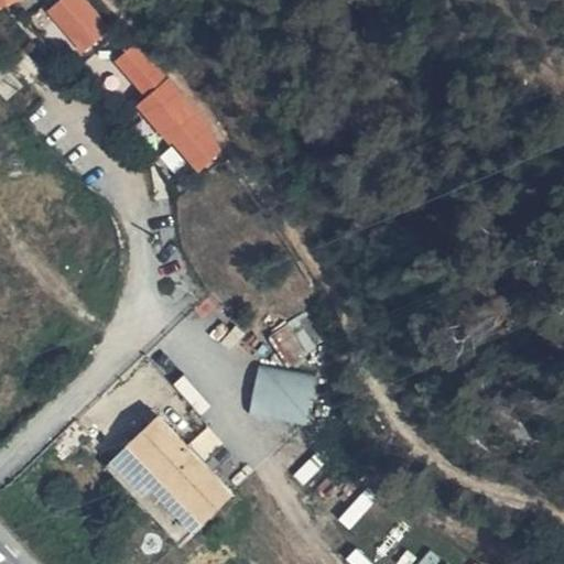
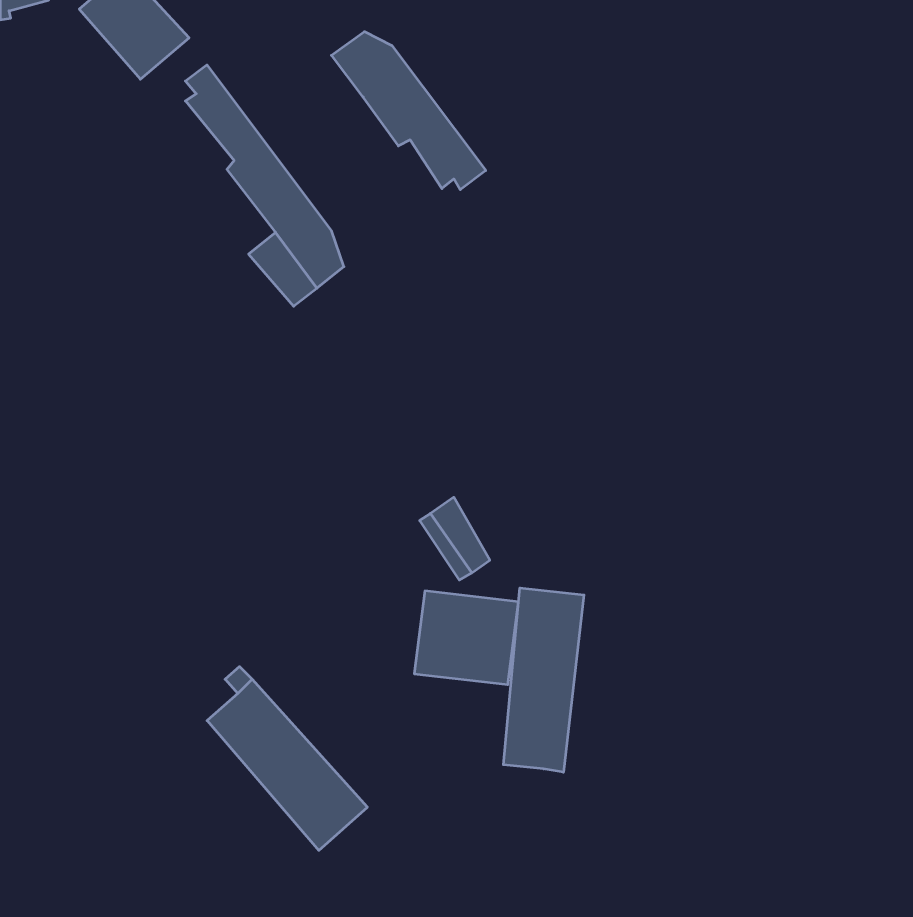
building: none -> [331,32,486,190]
building: none -> [503,588,584,772]
building: [105,441,199,542] -> none

